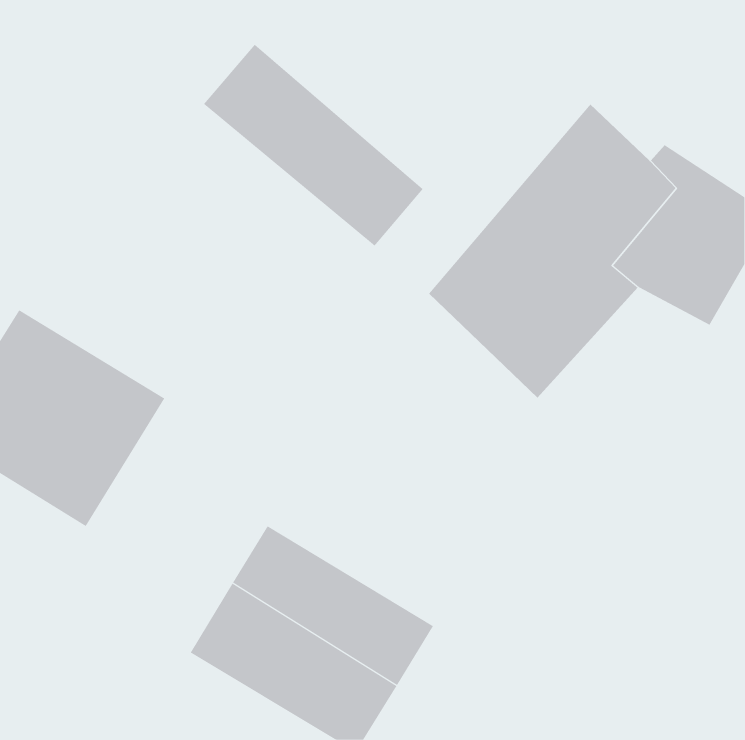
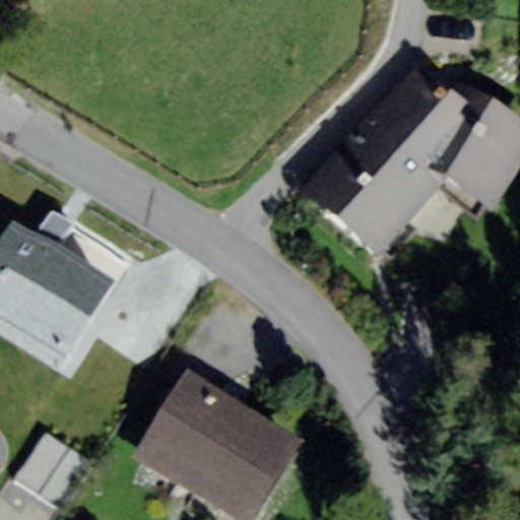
building: [203,44,424,247] -> none
building: none -> [15,430,95,509]

